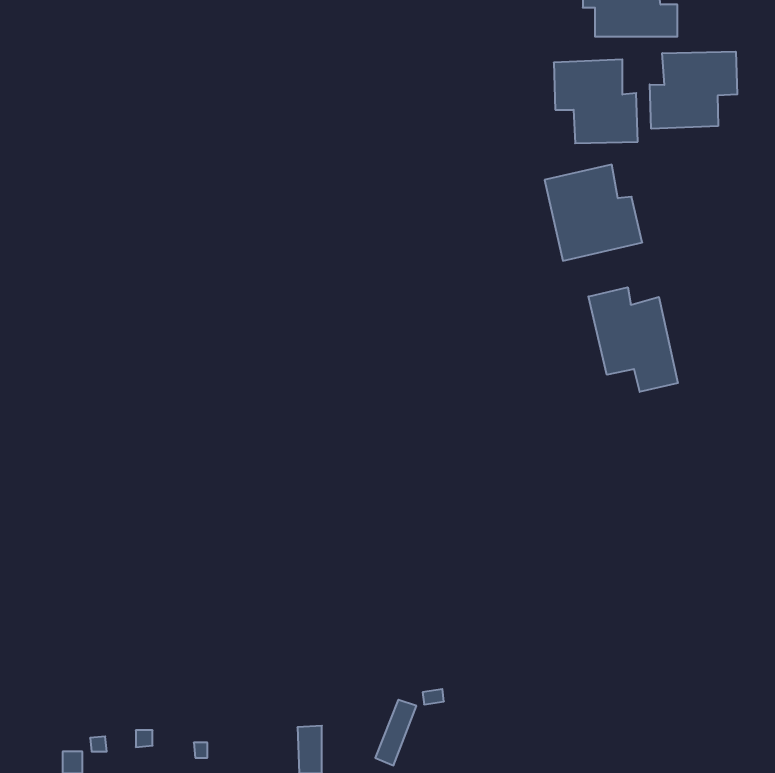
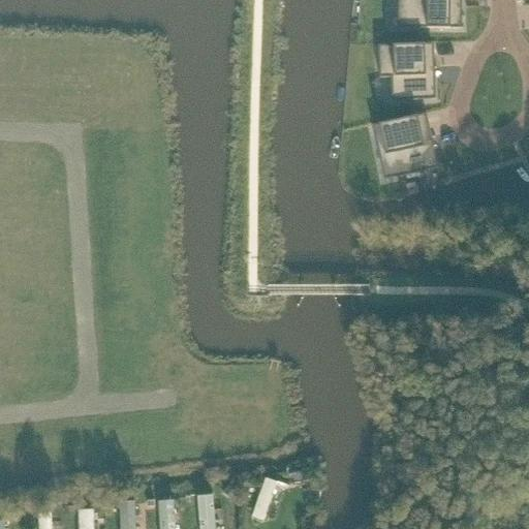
building: [650,52,737,129] -> none
building: [588,287,678,392] -> none

